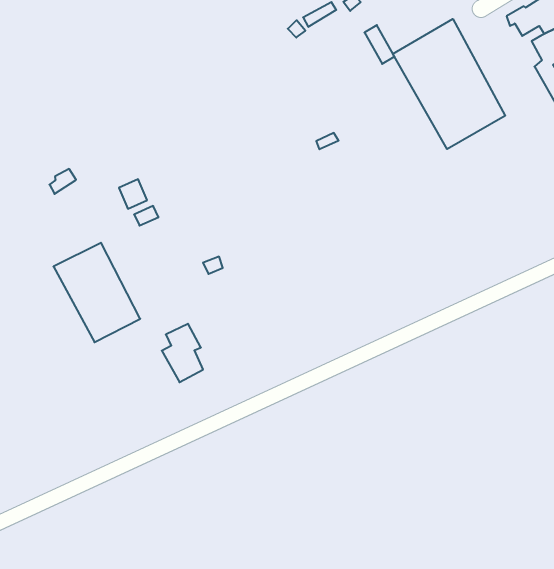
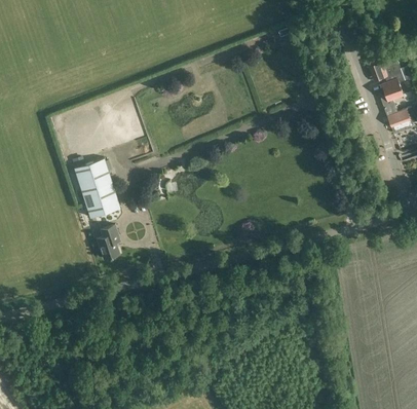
building: [393,19,505,149] -> none
building: [162,324,203,382] -> [96,226,119,260]

